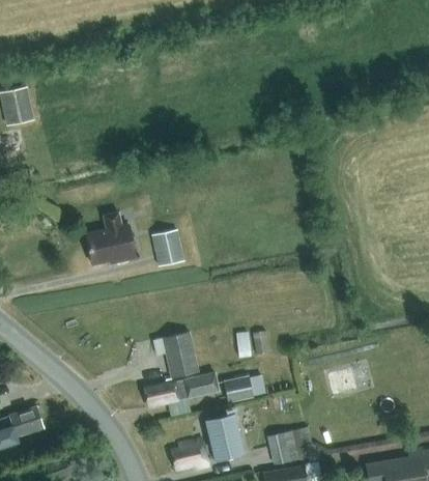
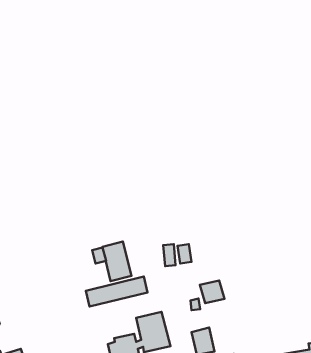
building: [86,213,135,263] -> none
building: [151,230,183,266] -> none
building: [224,375,253,402] -> [200,280,224,303]

